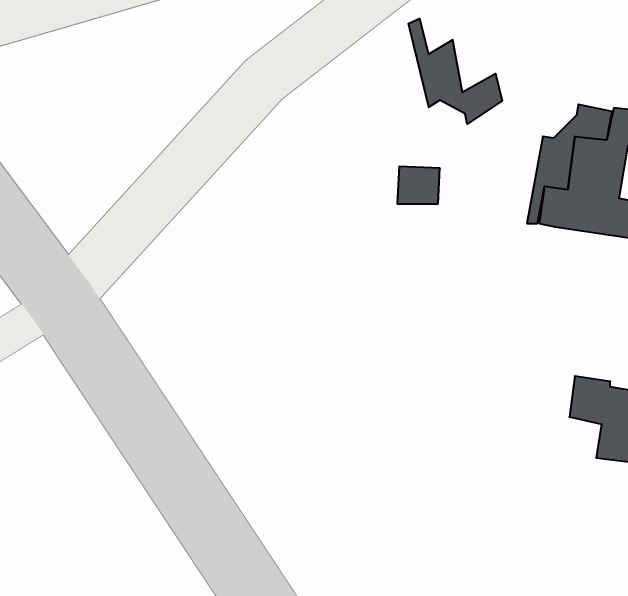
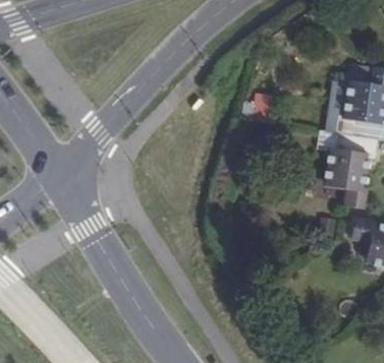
building: [408,19,502,124] -> none
building: none -> [327,133,376,207]

